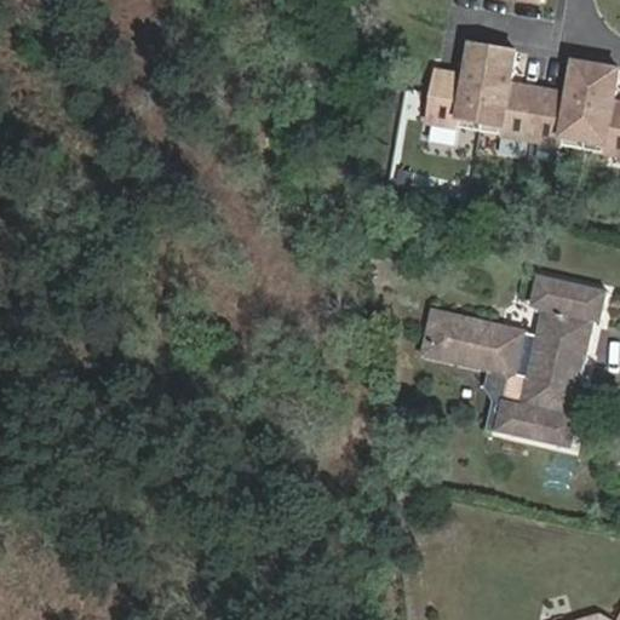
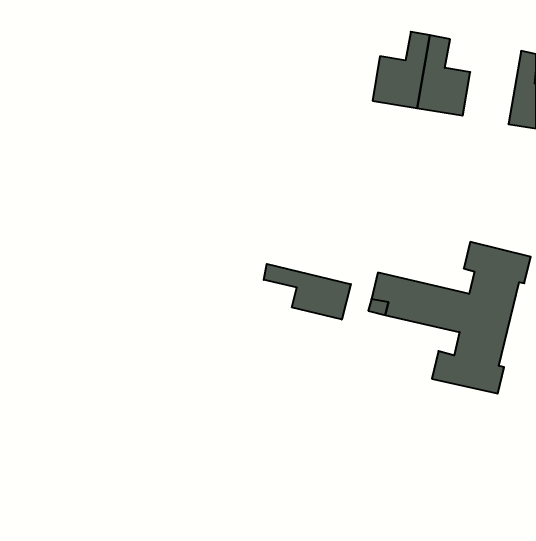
building: [528,54,595,142] -> none
building: none -> [264,264,351,320]

